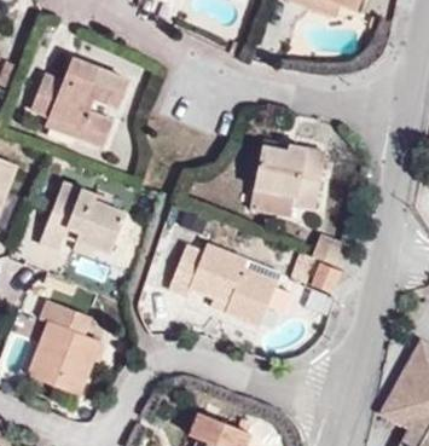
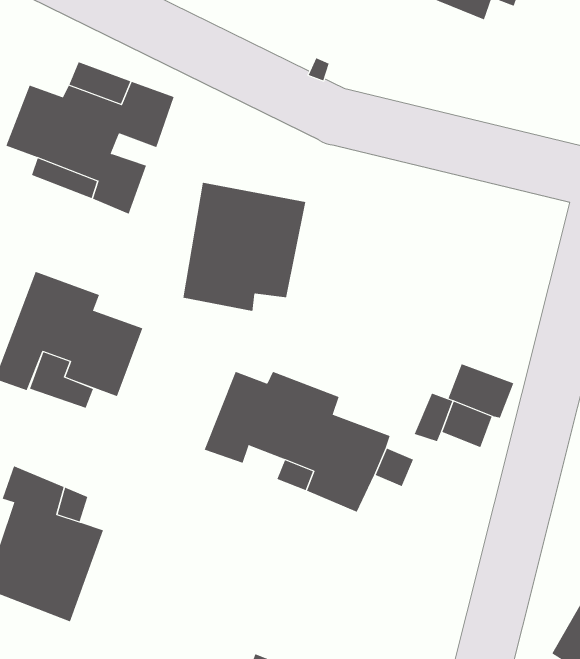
building: [249,138,325,218] -> [183,182,306,312]

